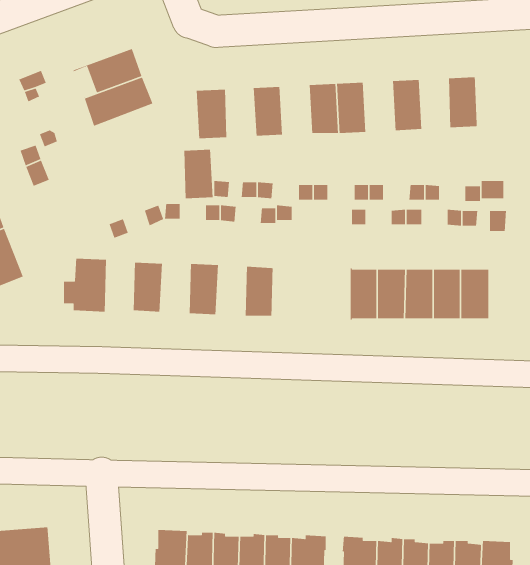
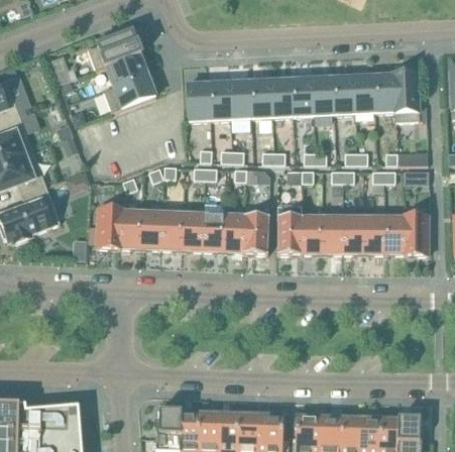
building: none -> [88,30,140,68]
building: none -> [393,71,420,120]
building: none -> [352,74,374,112]
building: none -> [311,76,334,114]
building: none -> [249,79,272,116]
building: [183,149,213,199] -> [209,81,231,118]
building: none -> [276,204,303,253]
building: none -> [120,208,141,247]
building: none -> [160,211,183,248]
building: none -> [202,212,224,250]
building: none -> [243,213,269,252]
building: none -> [404,215,428,253]

